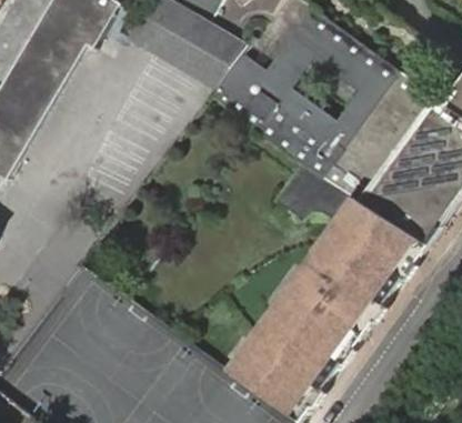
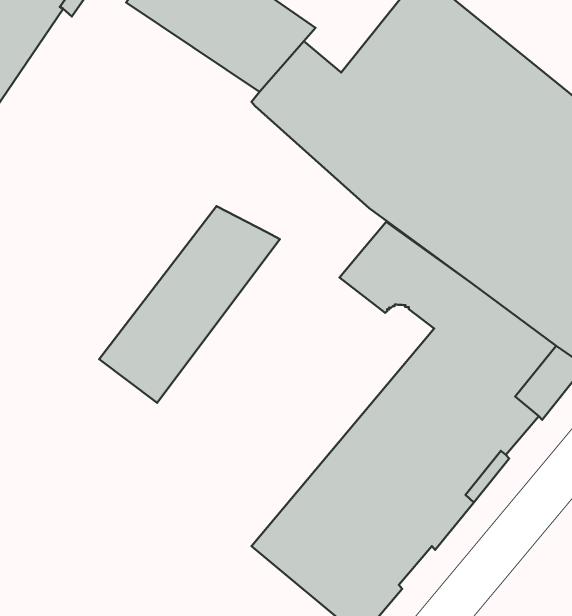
building: none -> [99,206,280,403]

